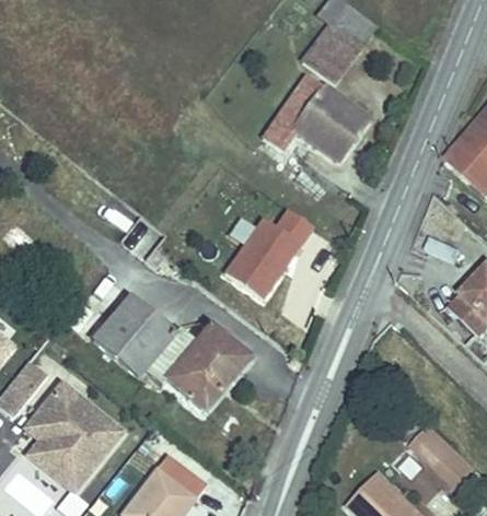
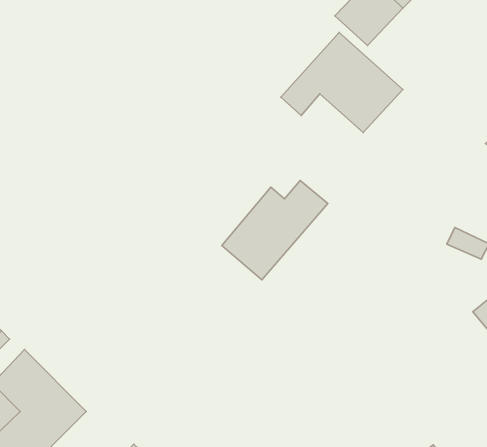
building: [92,295,248,411] -> none

